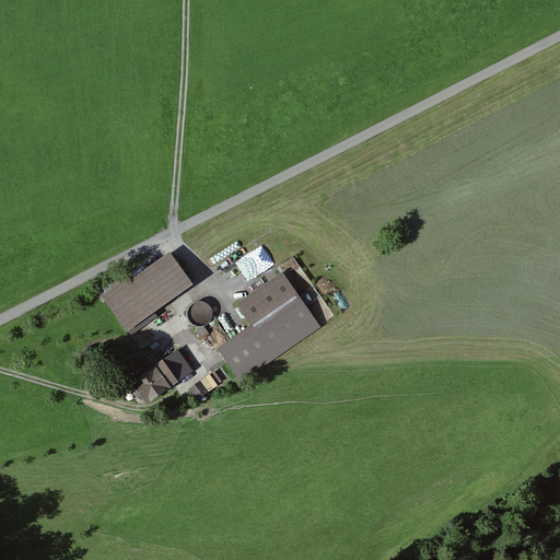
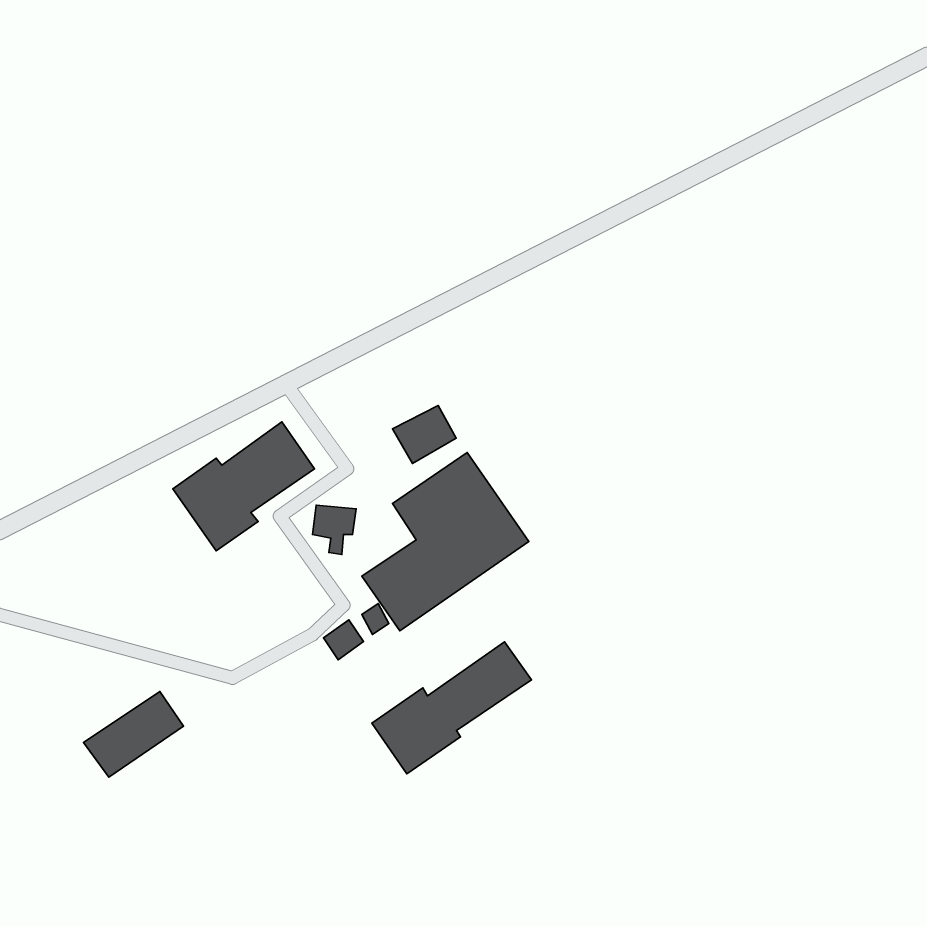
building: [131,349,191,400] -> [83,692,183,777]
building: none -> [372,642,532,774]

